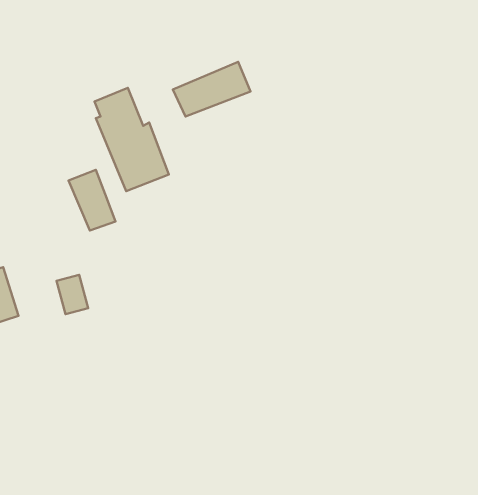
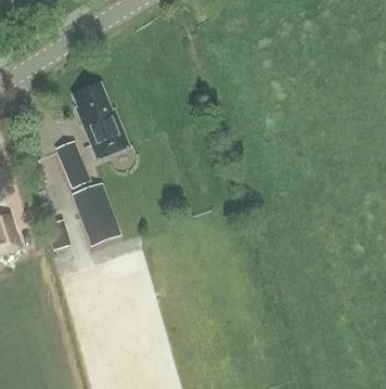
building: [173,62,251,117] -> none
building: none -> [73,184,118,245]

